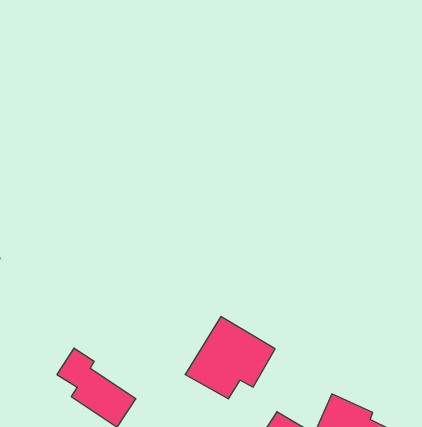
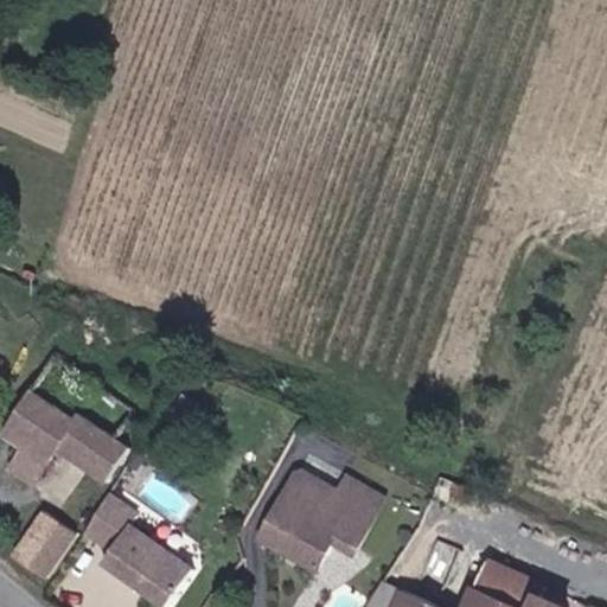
building: none -> [7,391,126,486]
building: none -> [13,509,76,575]

